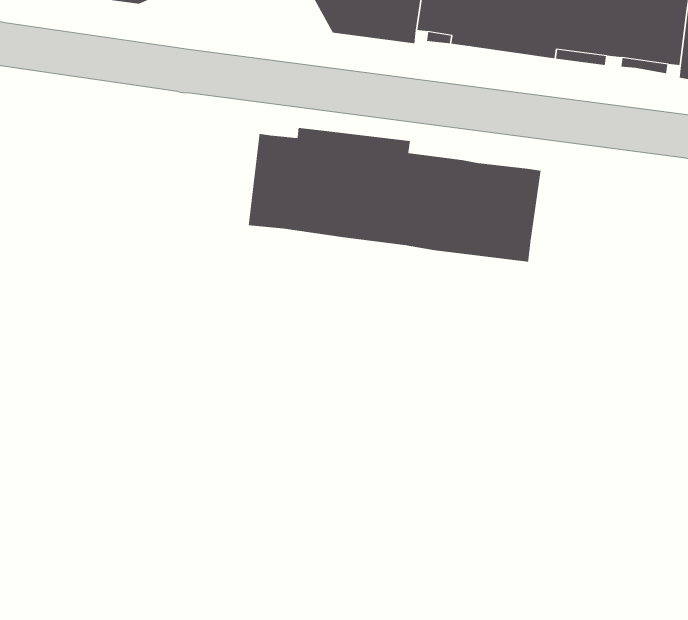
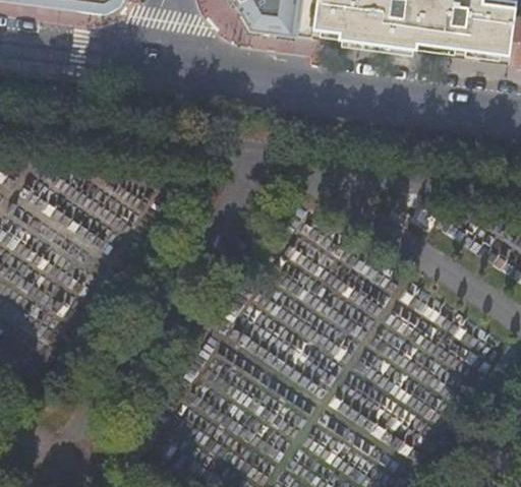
building: [248,127,541,263] -> none

